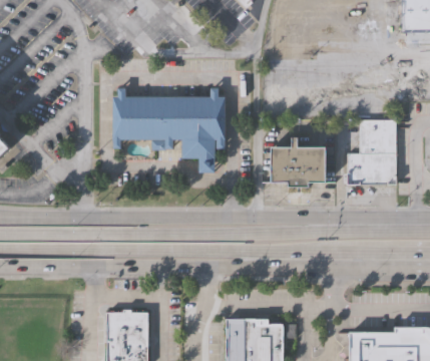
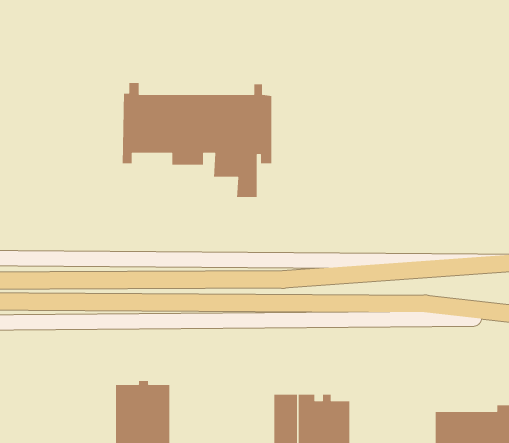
building: [343,119,397,184] -> none
building: [270,136,325,187] -> none

